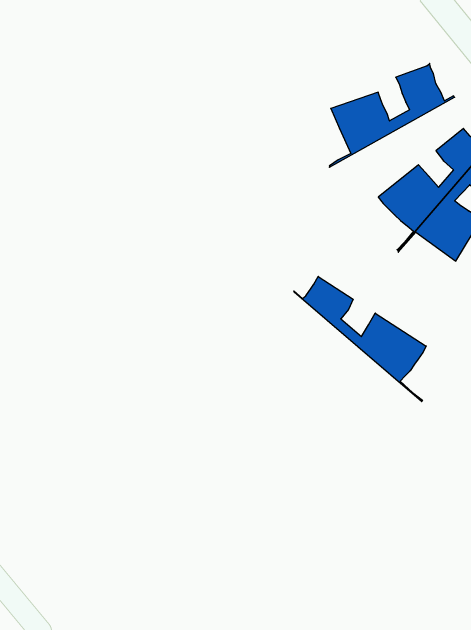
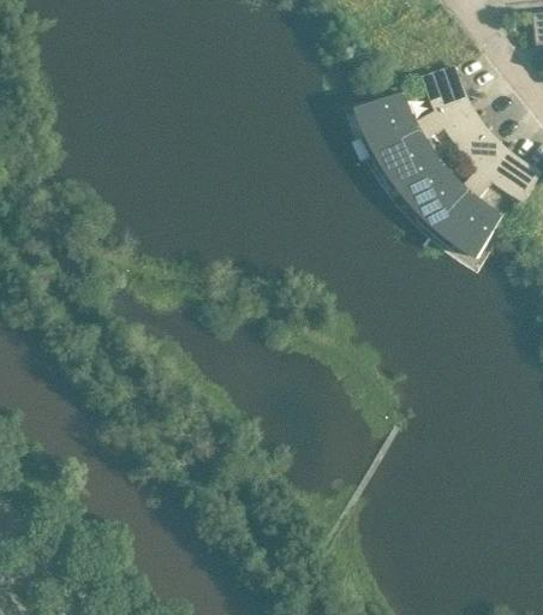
building: none -> [356,98,484,195]
building: [294,276,426,402] -> none

